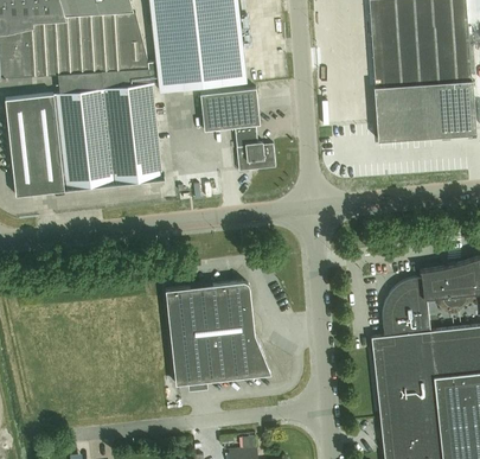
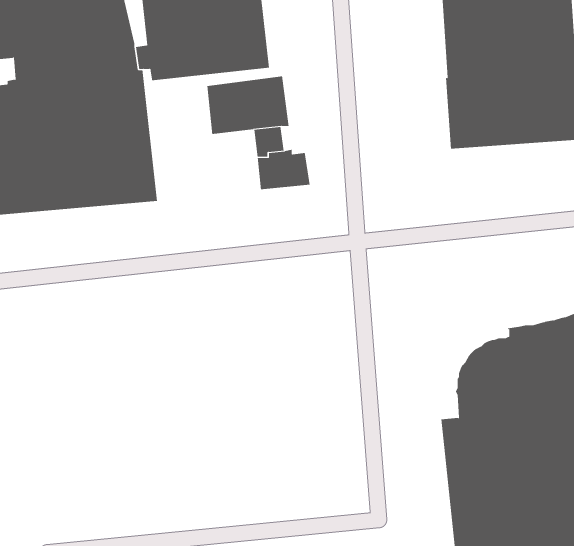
building: [165,282,271,385] -> none

